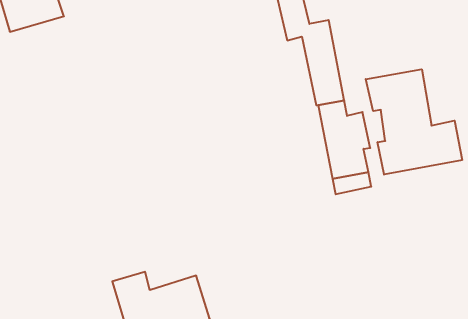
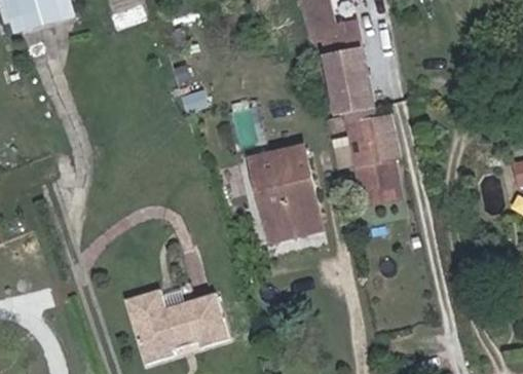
building: [366,69,462,175] -> none
building: none -> [250,146,322,241]

